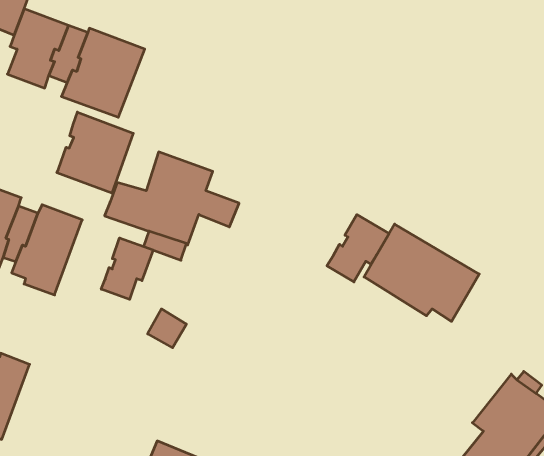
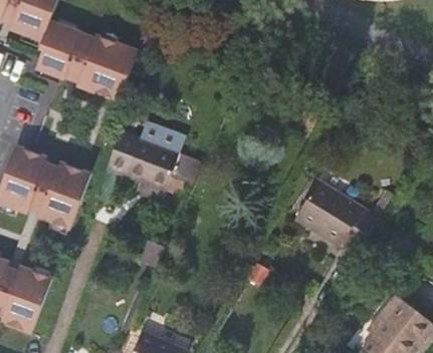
building: [57,112,133,193] -> none
building: [327,215,389,282] -> none
building: [101,238,153,299] -> none

